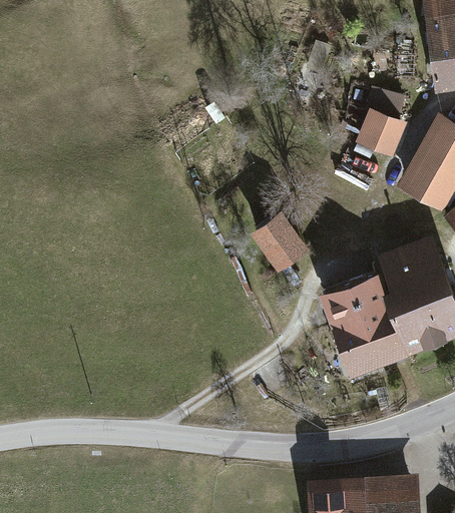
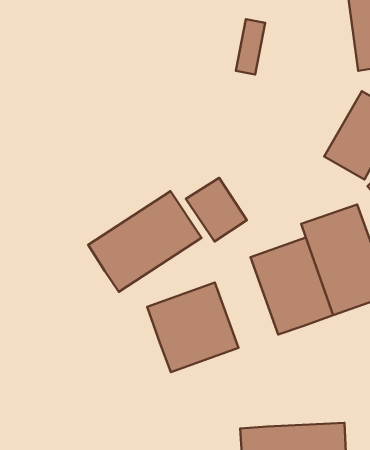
building: [357,87,407,158] -> none
building: none -> [88,191,201,292]
building: none -> [147,283,239,372]

